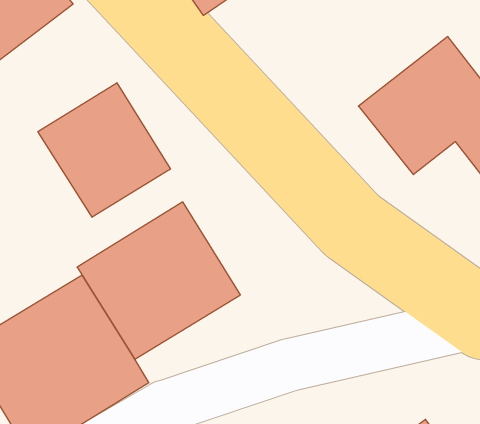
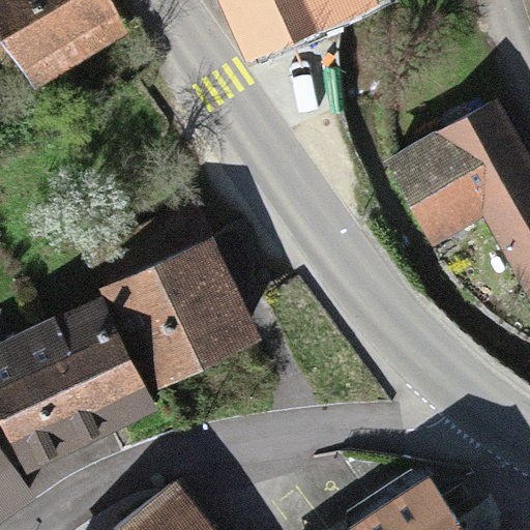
building: [38,83,171,217] -> none

